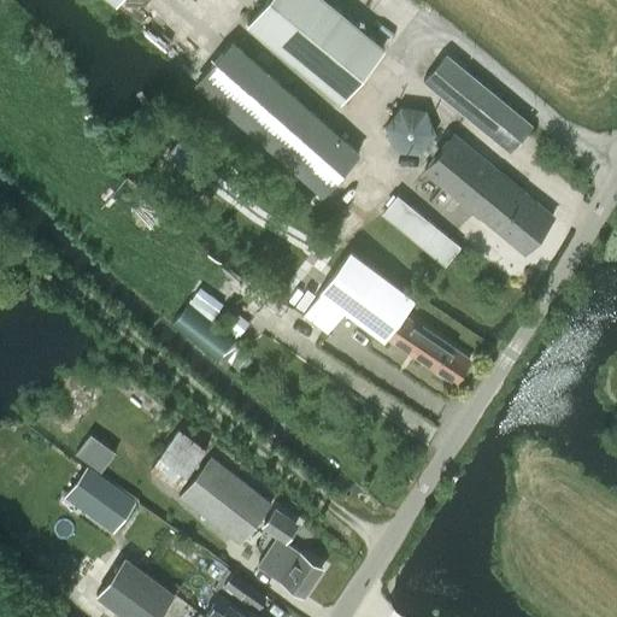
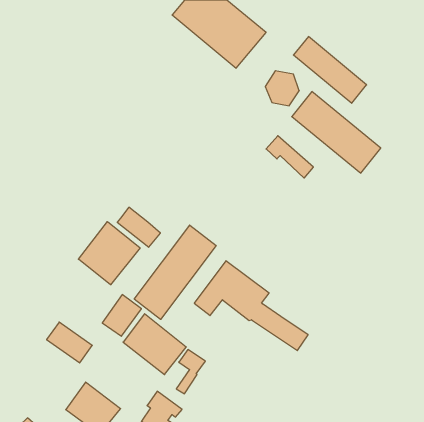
building: [213,51,362,190] -> none
building: [305,255,470,386] -> [194,261,308,351]
building: none -> [78,222,140,285]
building: none -> [134,225,216,319]
building: [76,436,116,475] -> none
building: [269,547,322,599] -> none

